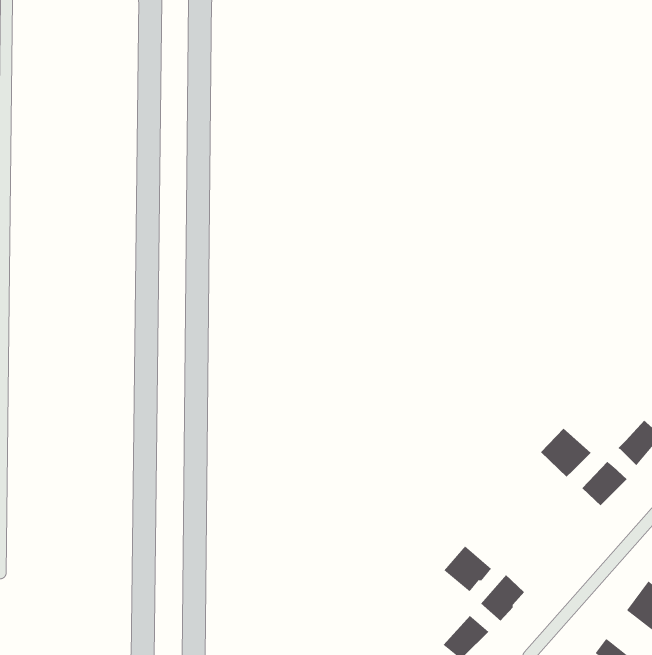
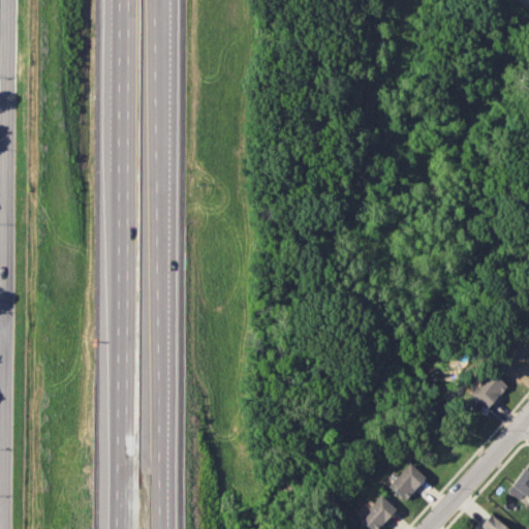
building: [540,428,591,477] -> none
building: [443,546,492,592] -> none

